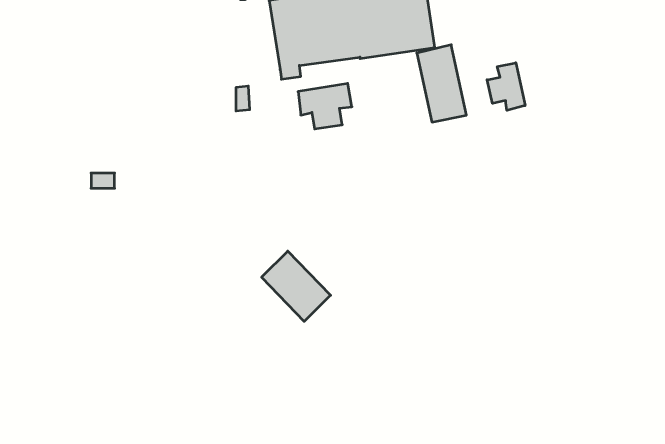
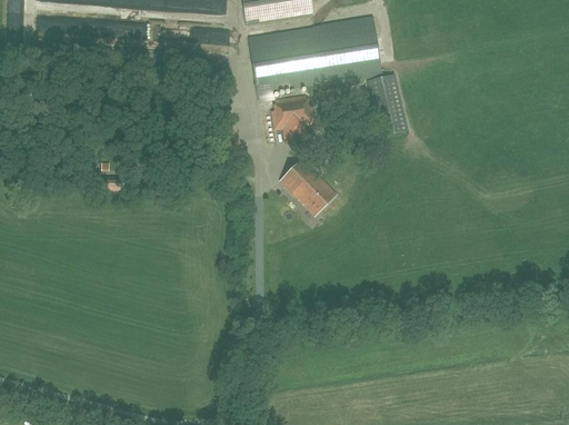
building: [487,63,525,110] -> none
building: [262,251,331,321] -> [279,157,335,214]

